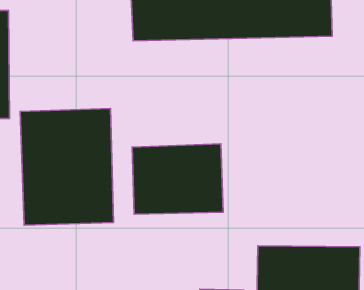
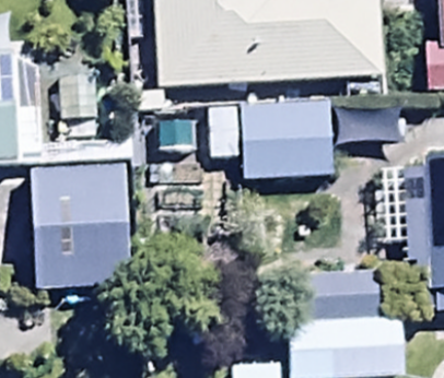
building: none -> [239,82,344,163]
building: [132,144,223,214] -> none

